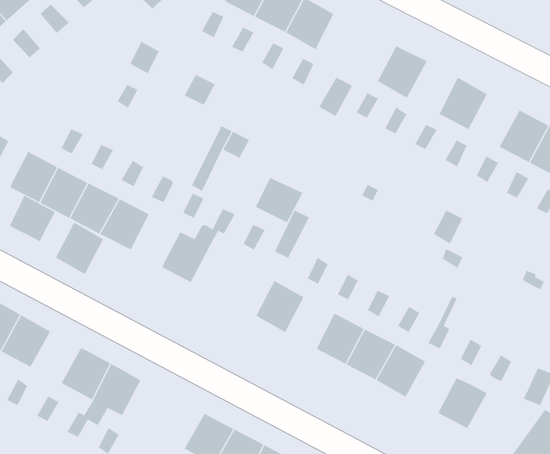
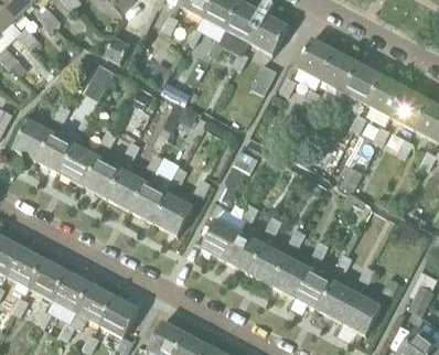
building: none -> [248,13,287,53]
building: none -> [319,50,357,90]
building: none -> [366,75,405,116]
building: [255,177,303,223] -> none
building: [9,195,56,242] -> none
building: [55,222,104,275] -> [106,168,143,208]
building: none -> [152,193,193,234]
building: none -> [225,232,263,271]
building: none -> [29,258,67,298]
building: none -> [318,281,356,321]
building: none -> [99,295,138,336]

